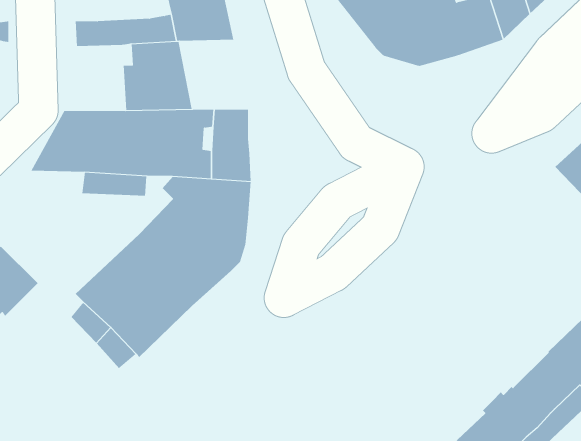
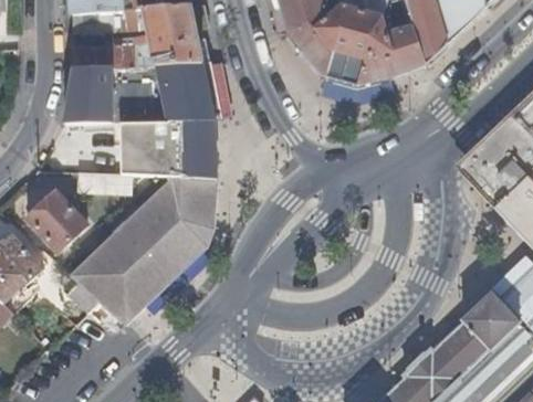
building: none -> [158,63,216,120]
building: none -> [63,67,114,121]
building: none -> [28,190,86,248]

